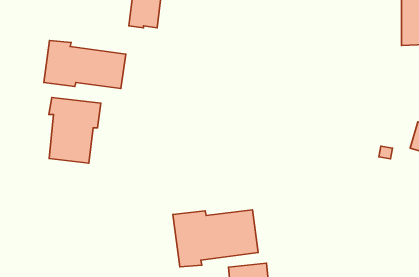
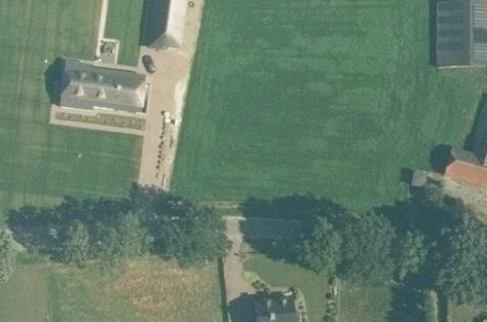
building: [49,98,101,163] -> none
building: [173,210,258,267] -> none

